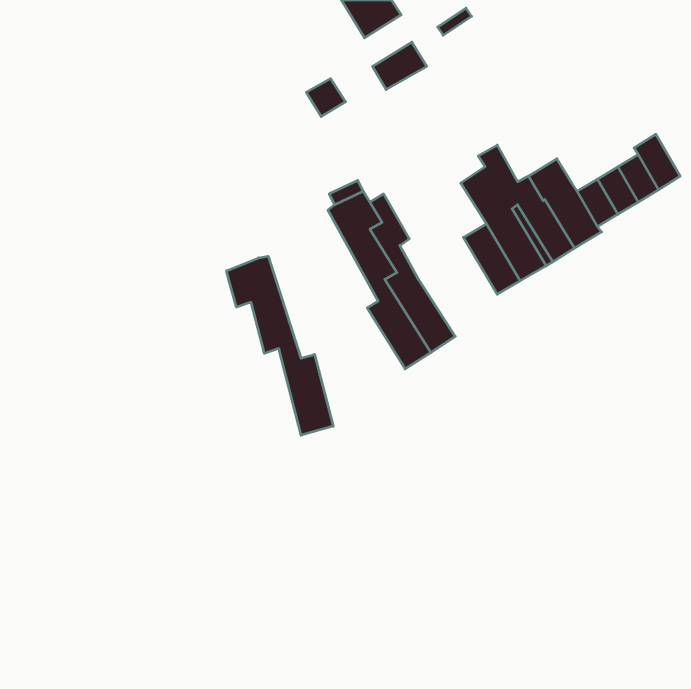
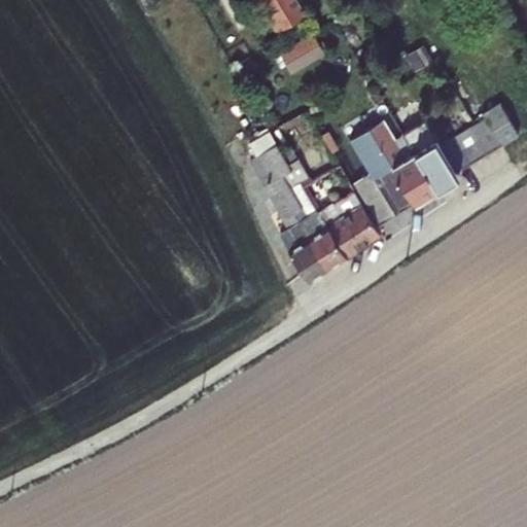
building: none -> [318,195,380,258]
building: [227,256,333,435] -> none

